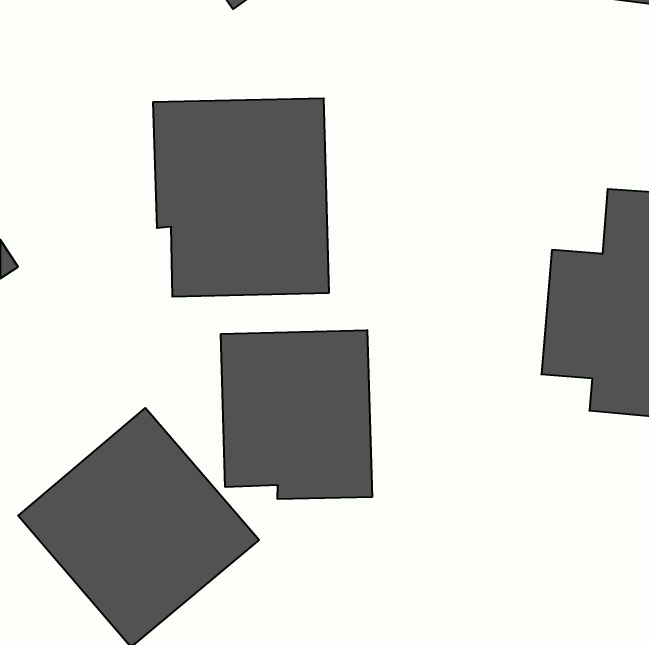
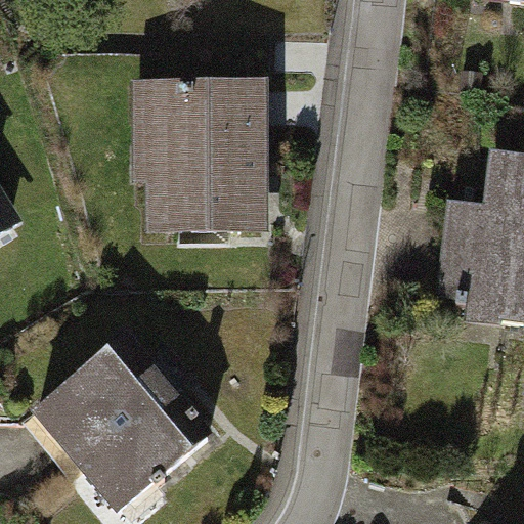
building: [221,330,372,499] -> none

